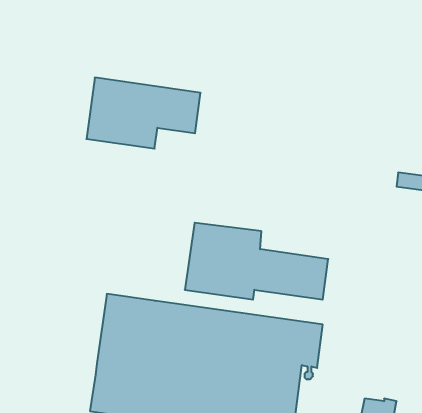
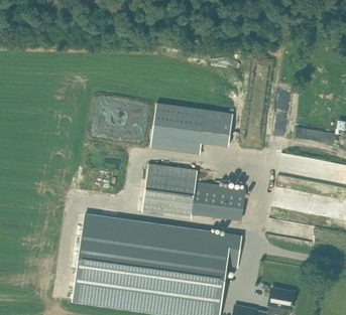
building: [86,78,201,149] -> [150,104,233,155]

